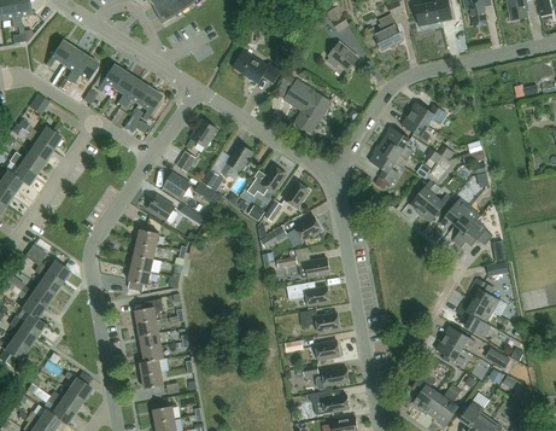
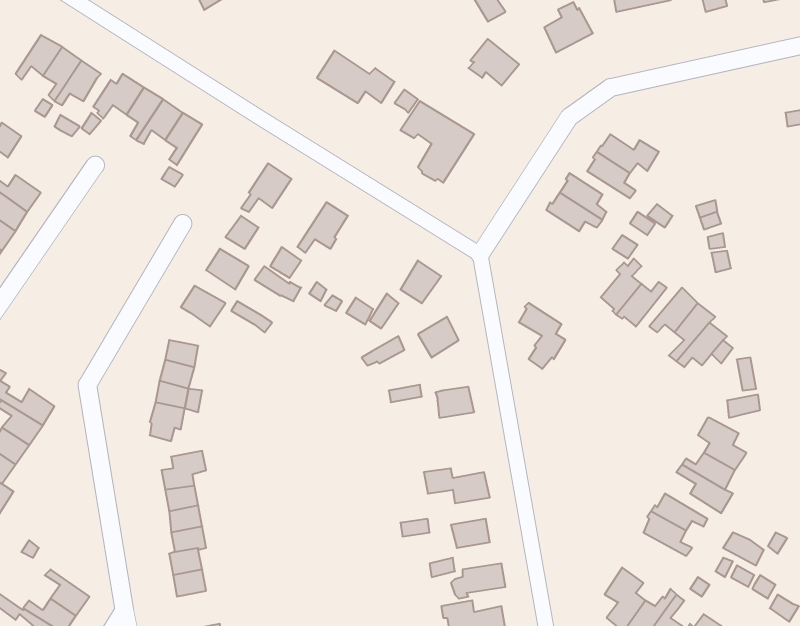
building: [369,148,398,190] -> [519,303,565,369]
building: [248,165,287,196] -> none
building: [287,284,330,305] -> none

